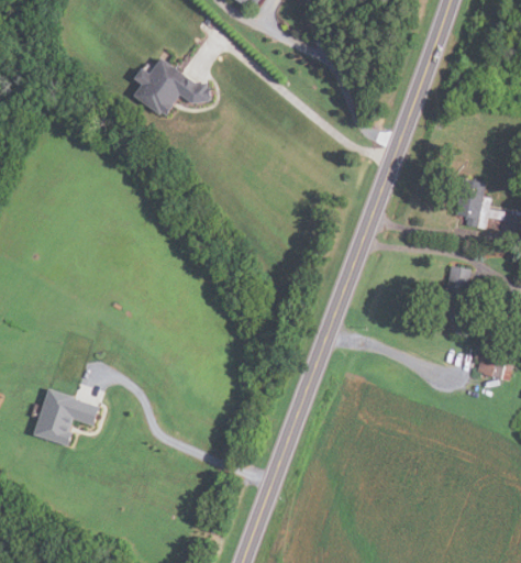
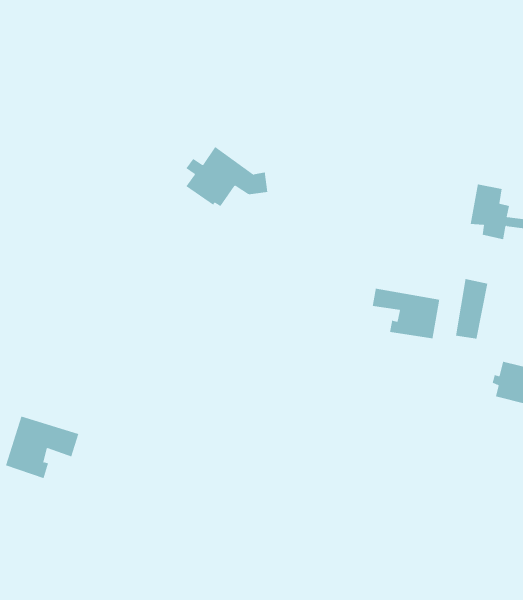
building: [134,59,209,114] -> [186,146,268,207]
building: none -> [372,288,440,339]

